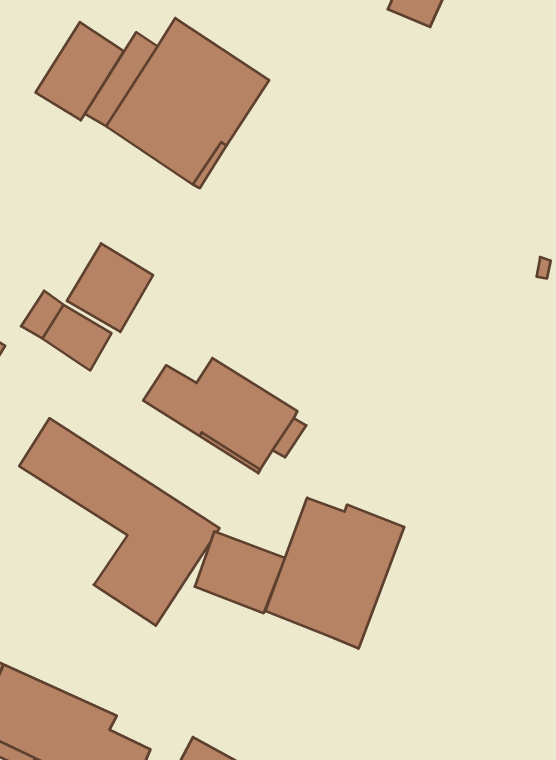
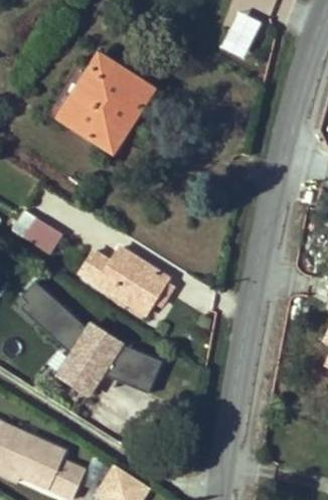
building: [36,22,124,120] -> none
building: [67,243,153,332] -> none
building: [265,498,404,649] -> none

